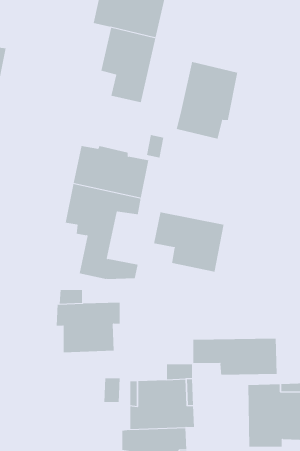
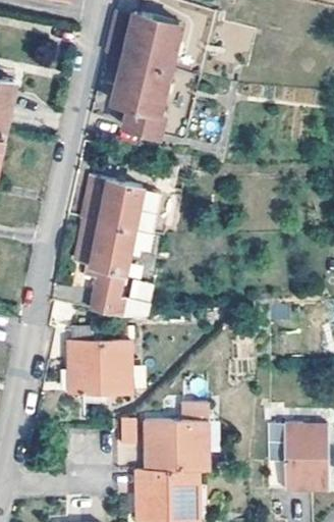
building: [176,61,238,140] -> none
building: [154,211,224,272] -> none
building: [193,338,277,375] -> none

